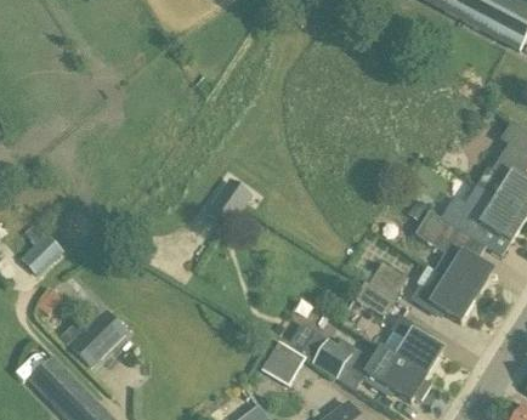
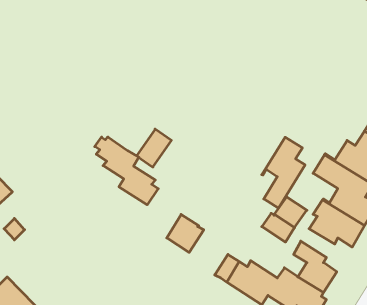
building: none -> [95,137,158,205]
building: none -> [262,137,305,208]
building: [61,312,125,365] -> none
building: [261,340,305,385] -> [167,214,204,252]

